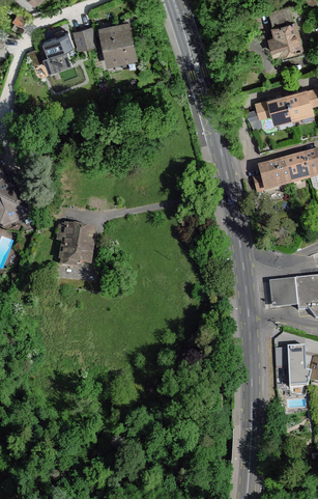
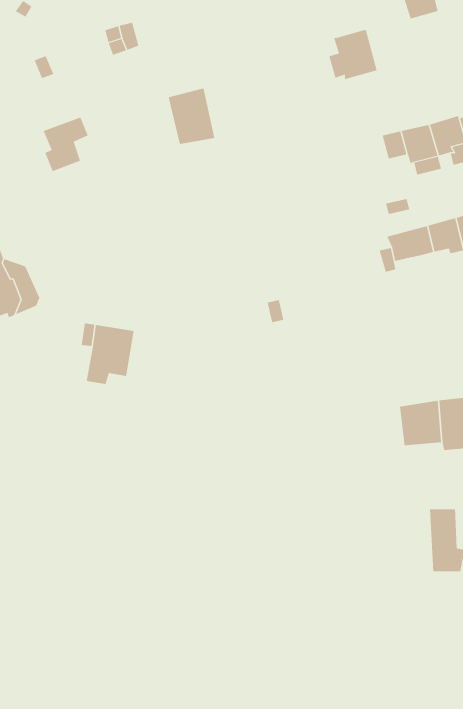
building: [269,20,301,53] -> [329,30,377,80]
building: [103,23,134,60] -> [168,88,215,144]
building: [44,32,74,68] -> [43,117,89,172]

